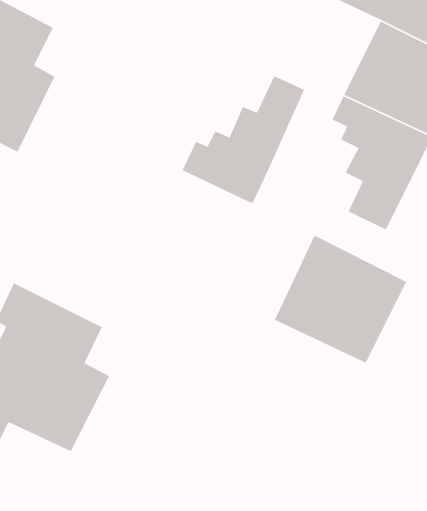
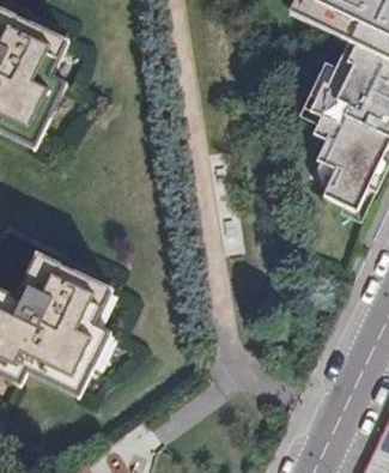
building: [181,75,305,204] -> none
building: [274,234,407,364] -> none

